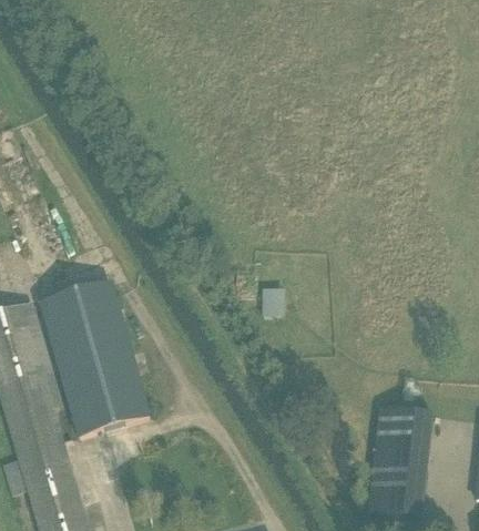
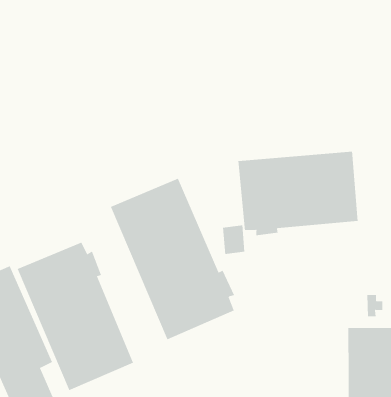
building: none -> [238,151,358,236]
building: none -> [110,178,235,340]

